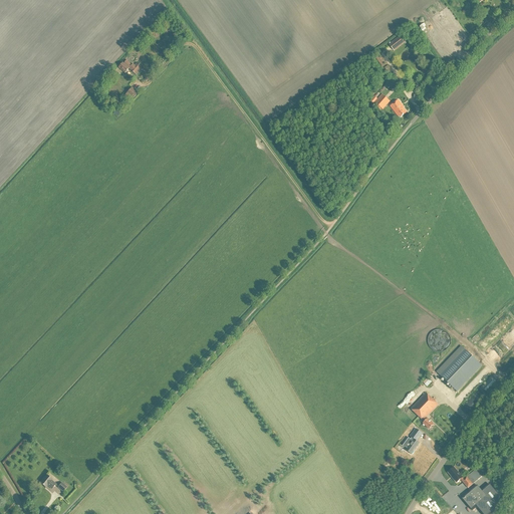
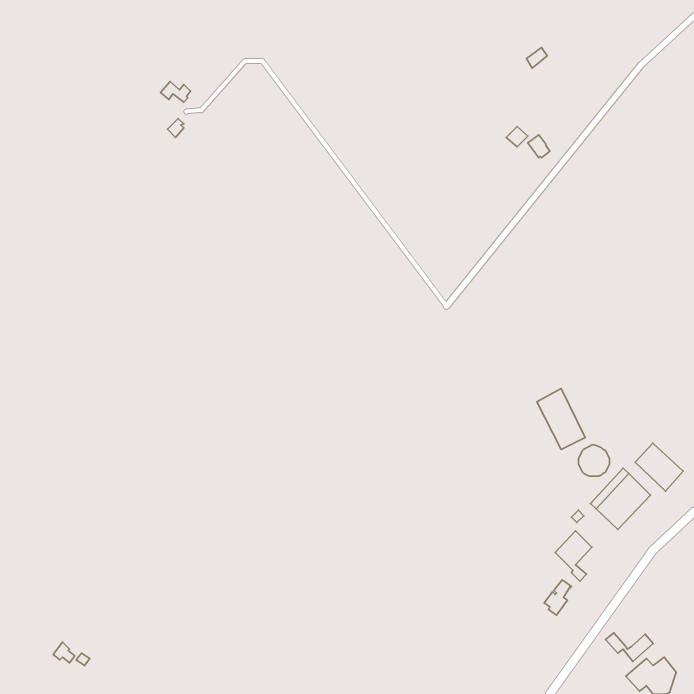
building: none -> [537,389,585,449]
building: none -> [635,443,683,491]

